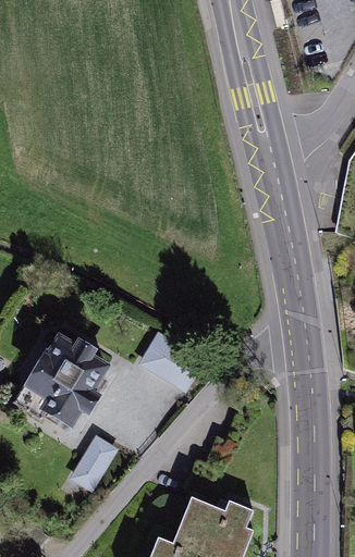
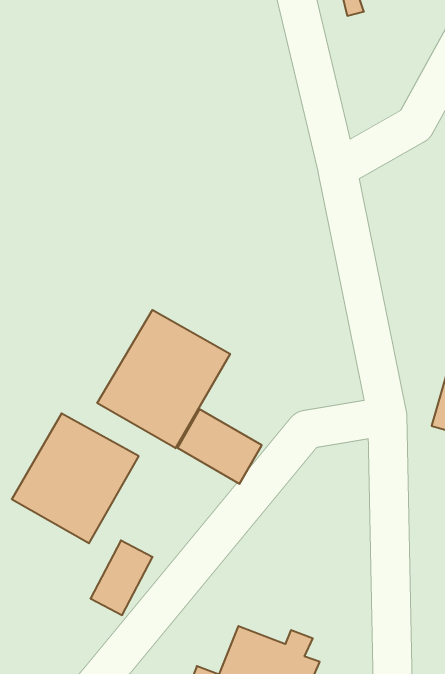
building: none -> [97,310,230,448]

